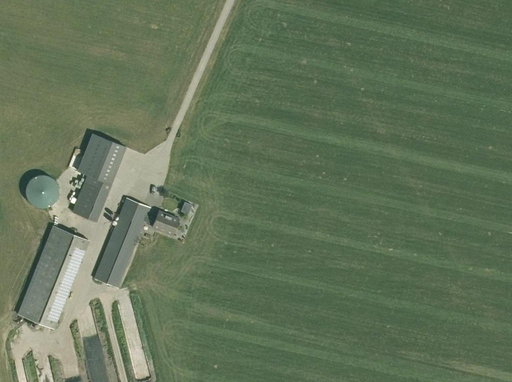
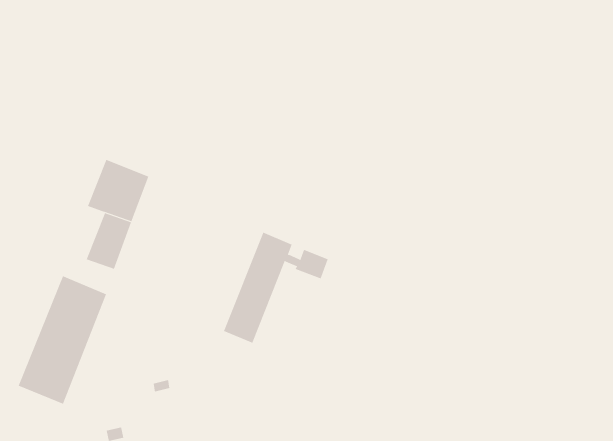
building: [26,176,59,209] -> none
building: [94,197,179,287] -> [223,232,328,343]

